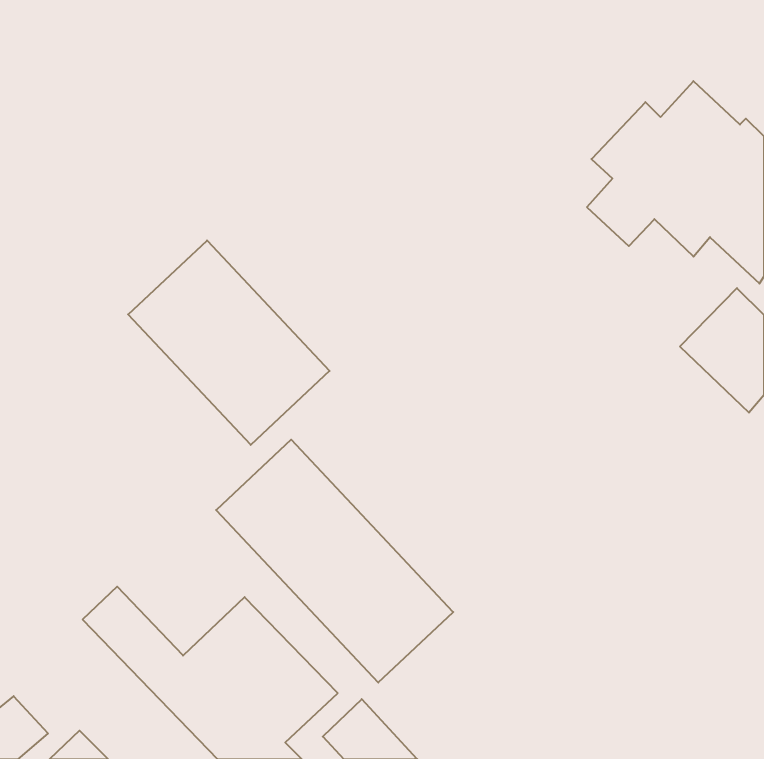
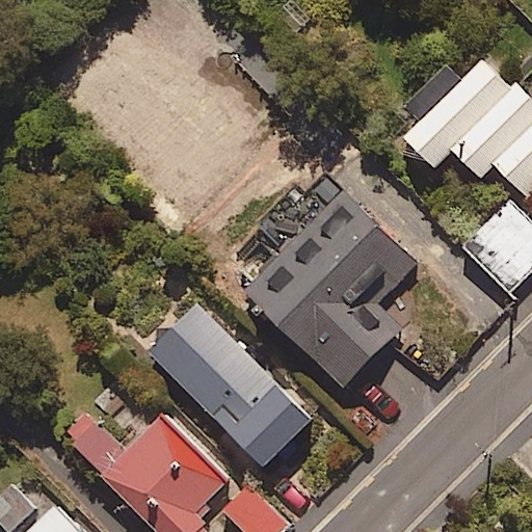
building: none -> [243,162,422,390]
building: [128,240,330,445] -> none

